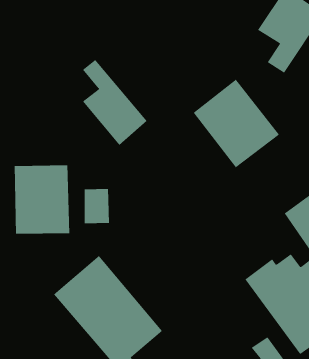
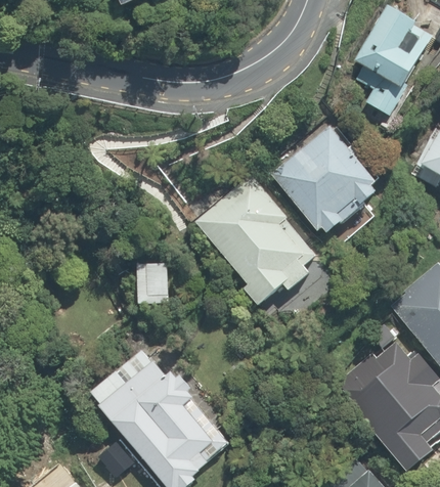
building: [82,59,147,146] -> none
building: none -> [192,177,318,306]
building: [14,164,70,234] -> none

